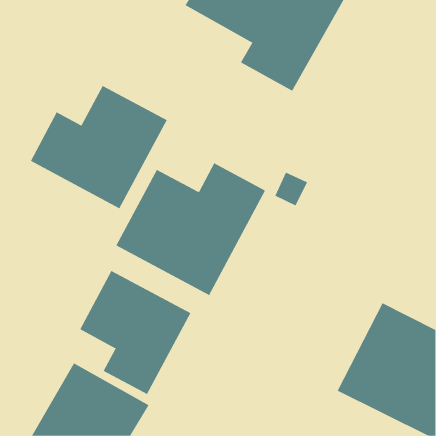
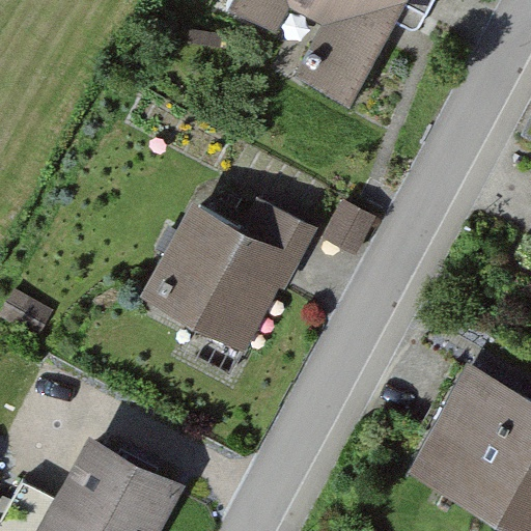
building: [30,85,168,209] -> none
building: [80,270,191,395] -> none

